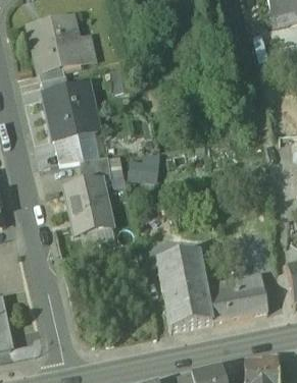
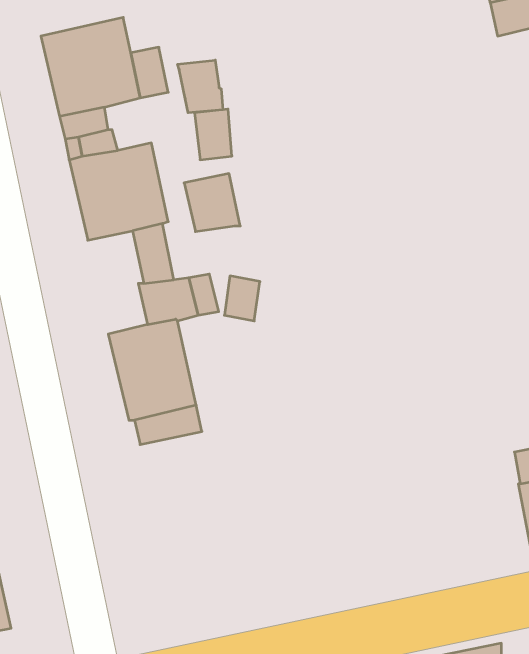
building: none -> [178,60,223,113]
building: [53,130,84,162] -> [184,174,240,232]
building: [157,251,267,329] -> none

